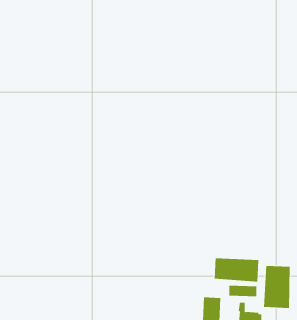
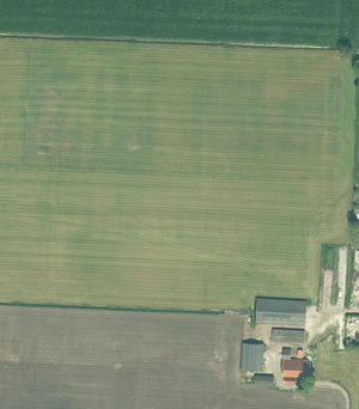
building: [264,265,290,309] -> none

